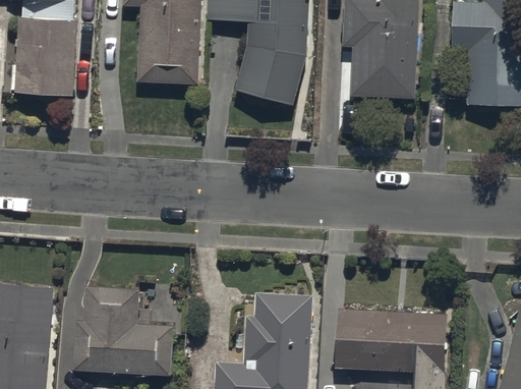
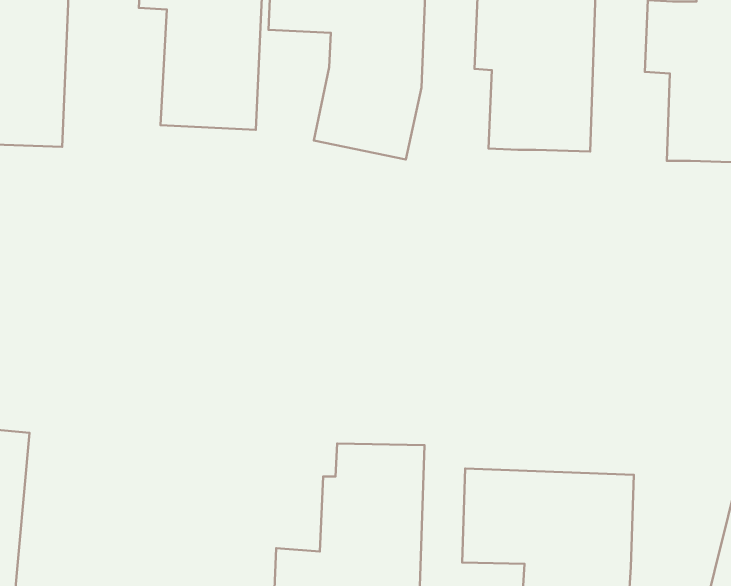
building: [72,286,170,375] -> none

